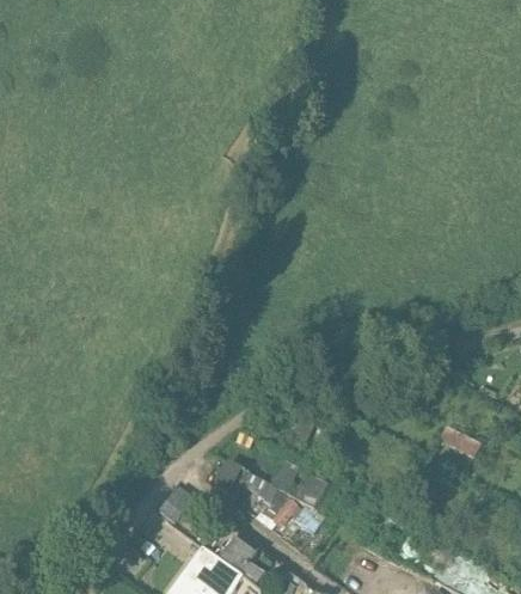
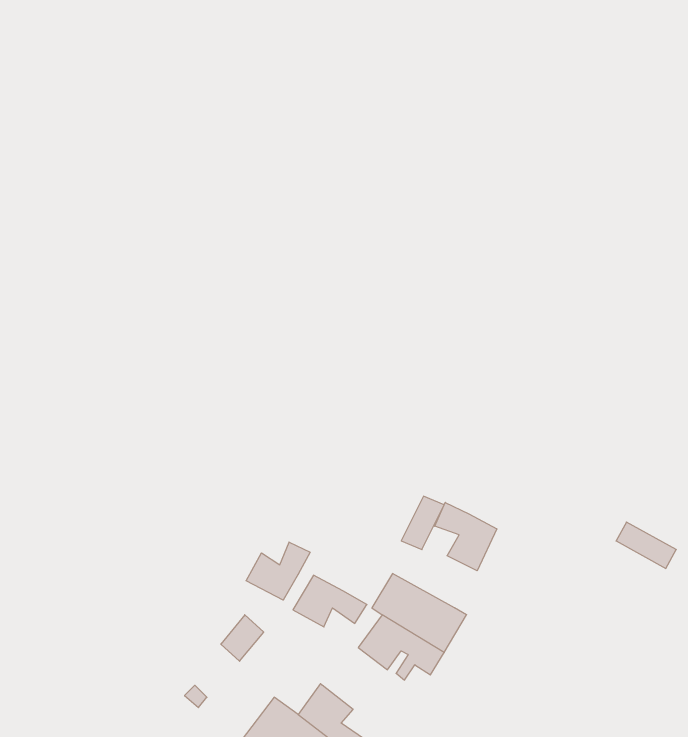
building: none -> [435,502,497,571]
building: none -> [246,542,310,600]

